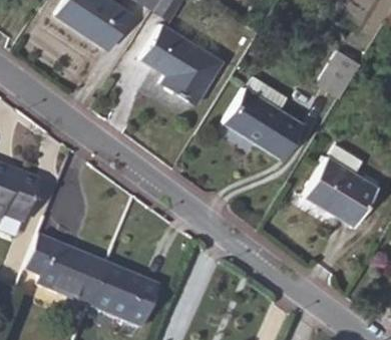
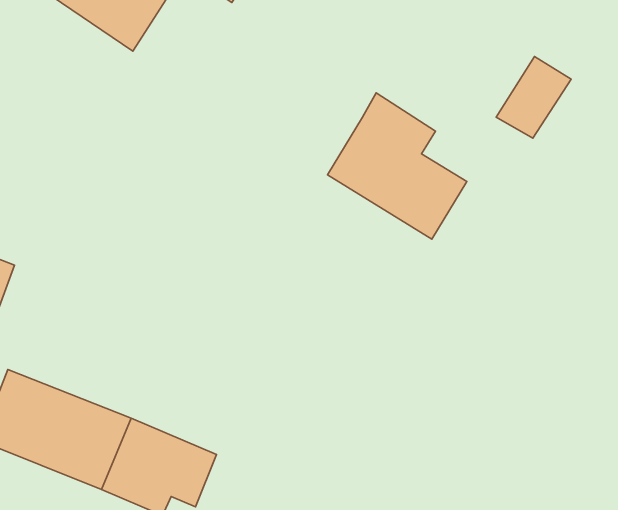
building: [141,27,222,105] -> none
building: [307,145,380,227] -> none

